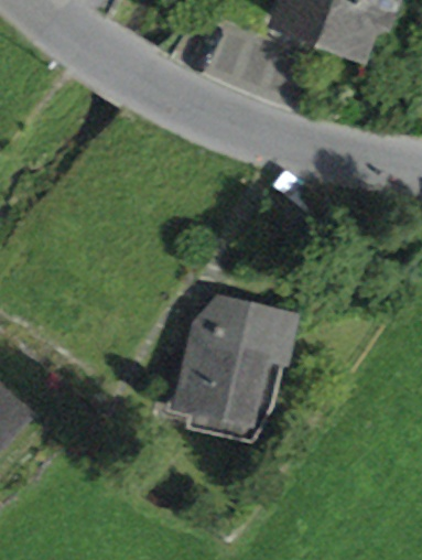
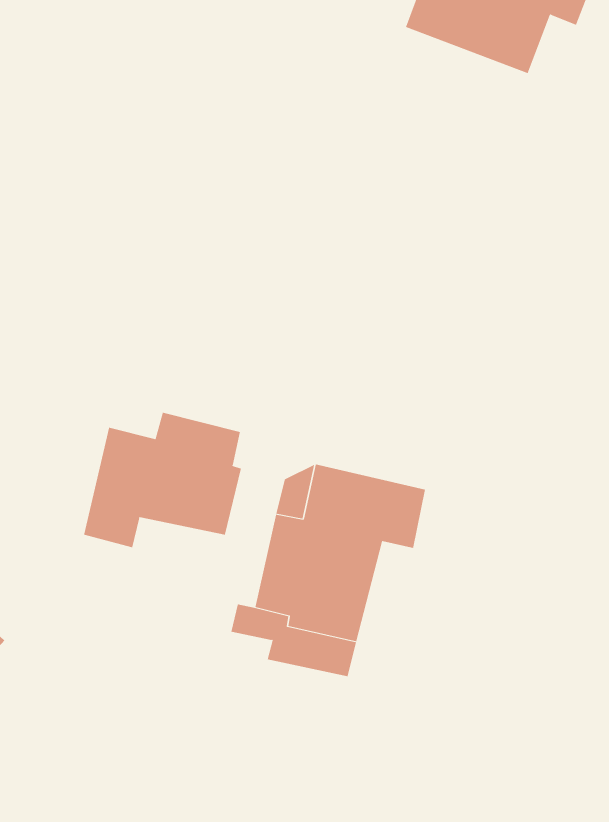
building: none -> [84,412,242,548]

